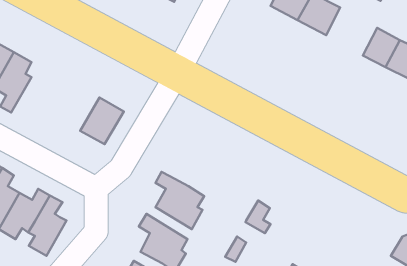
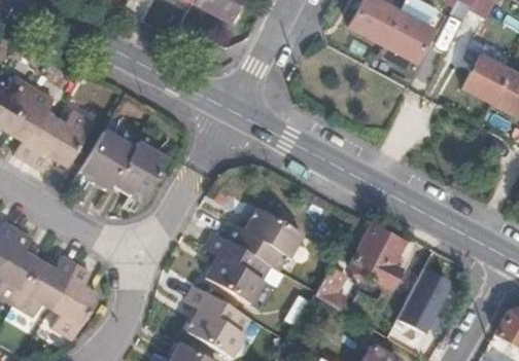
building: none -> [29,109,93,169]
building: none -> [78,131,133,189]
building: none -> [223,208,301,266]
building: none -> [354,227,404,288]
building: none -> [402,269,454,333]

